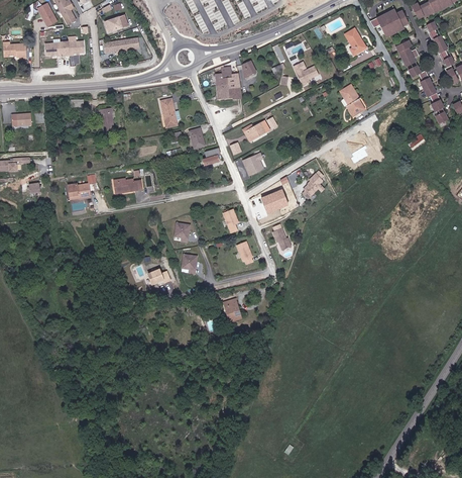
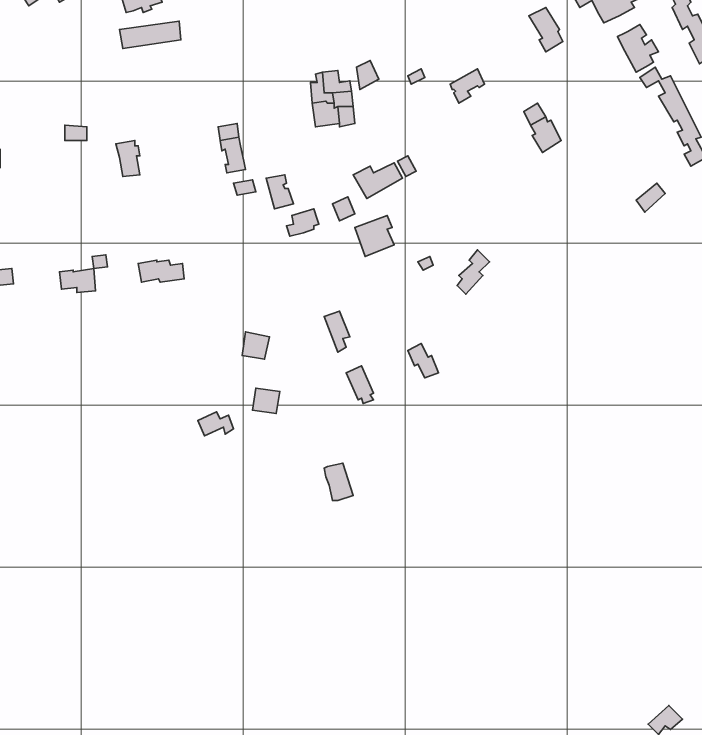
building: [44,36,84,57] -> none
building: [260,189,287,212] -> none

